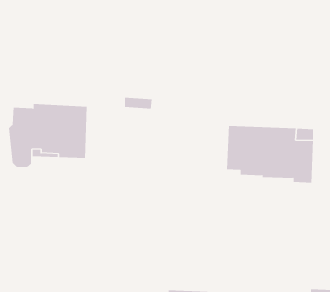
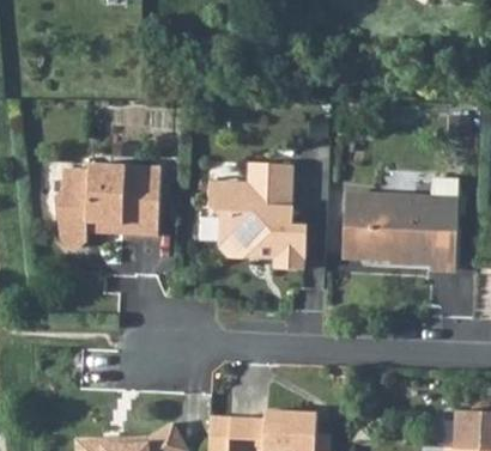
building: none -> [212,170,305,269]

